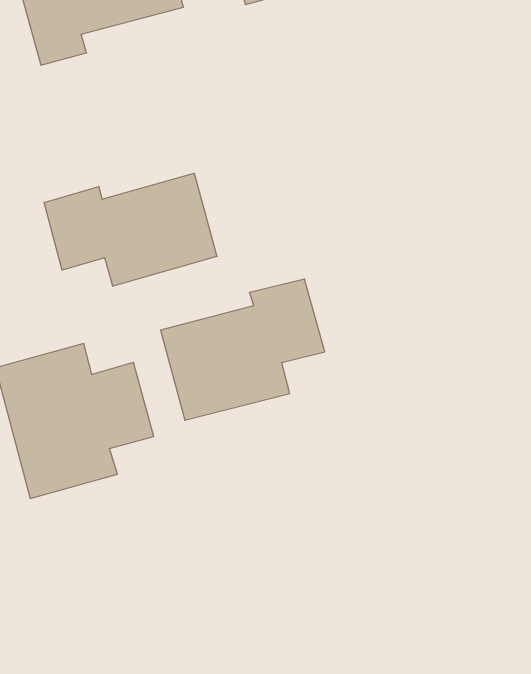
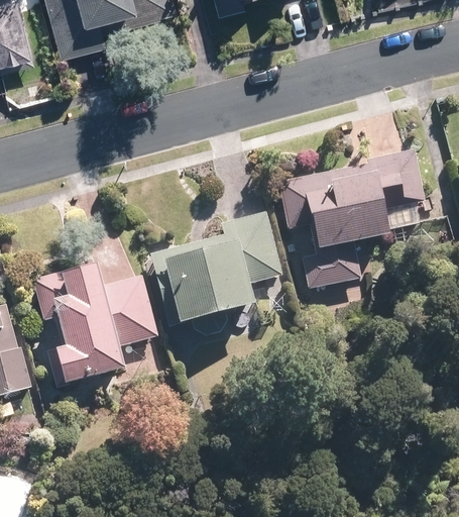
building: [44,173,217,286] -> none
building: none -> [289,162,418,284]

